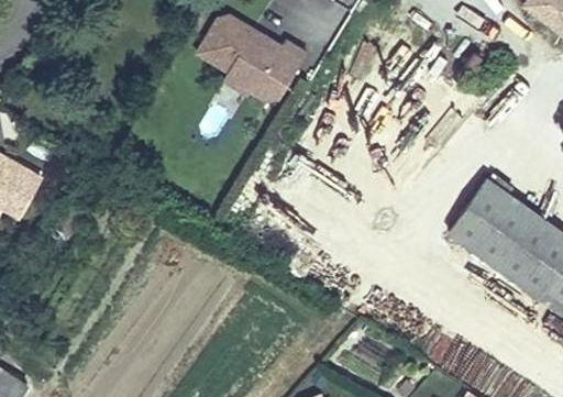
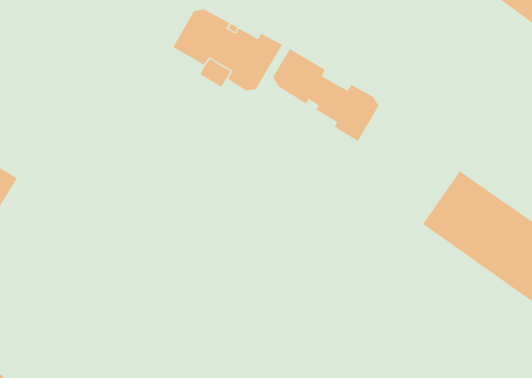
building: none -> [273,48,379,142]

